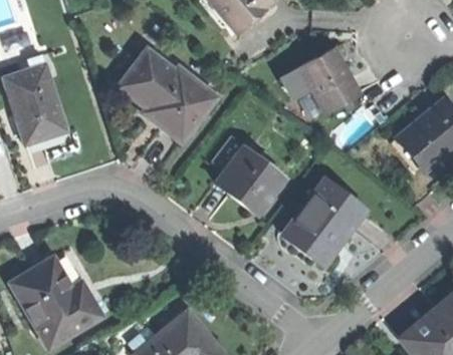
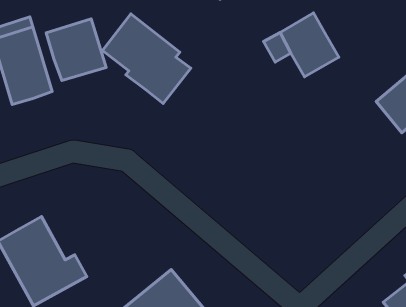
building: none -> [46,19,106,81]
building: [218,148,282,212] -> none
building: [283,179,364,258] -> none

